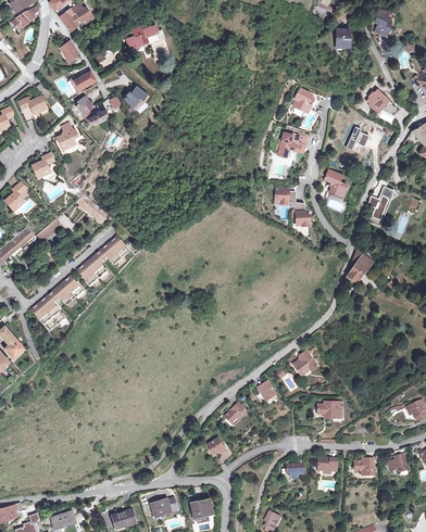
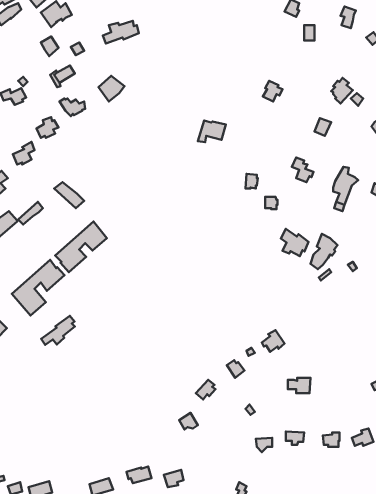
building: [277,131,306,154] -> [198,120,226,142]
building: none -> [281,229,309,256]
building: none -> [41,316,75,345]

